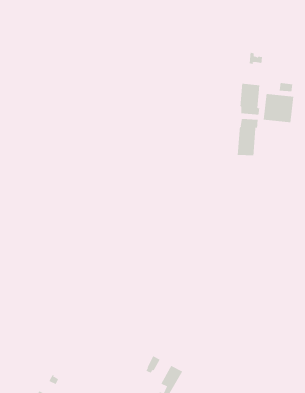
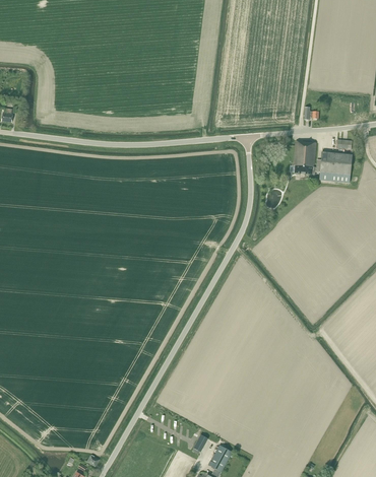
building: [237,118,258,156] -> none

